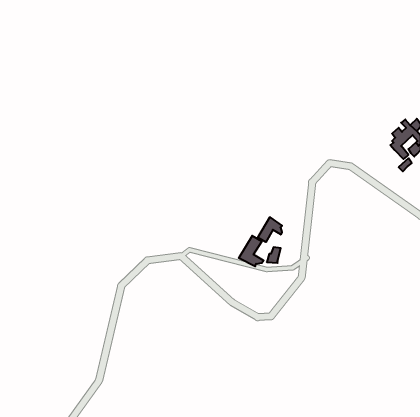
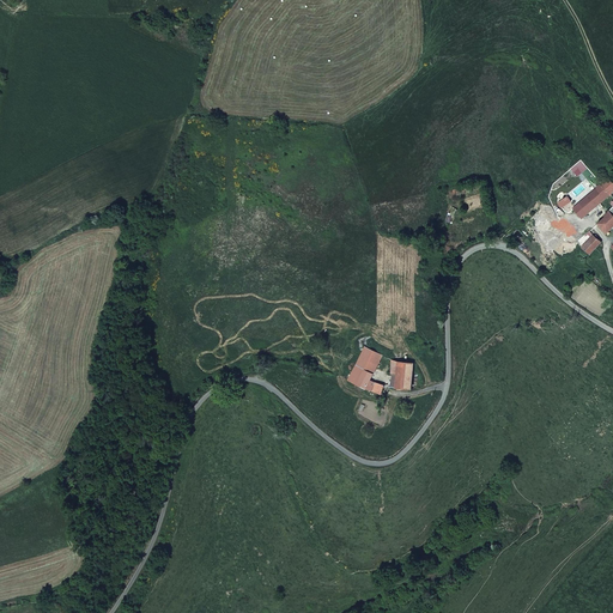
building: [258,217,282,242] -> none

